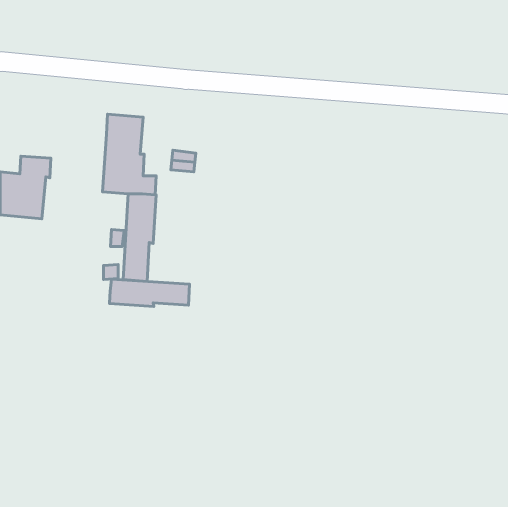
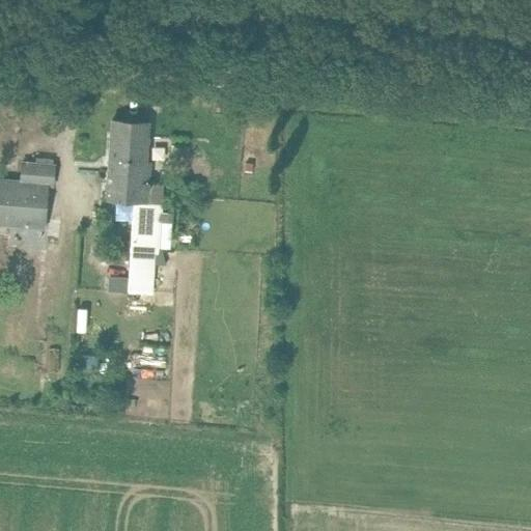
building: [109,279,189,306] -> none

